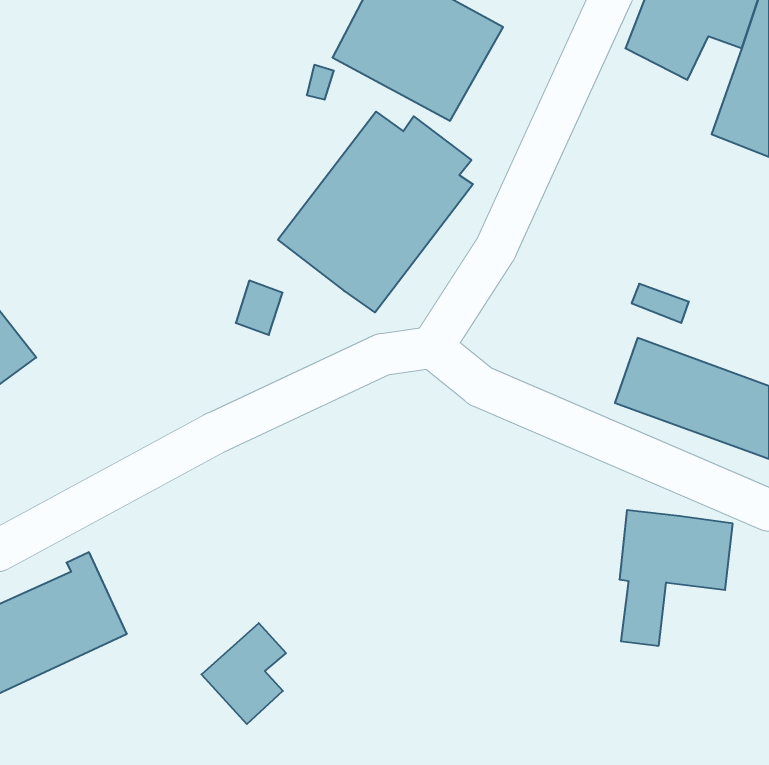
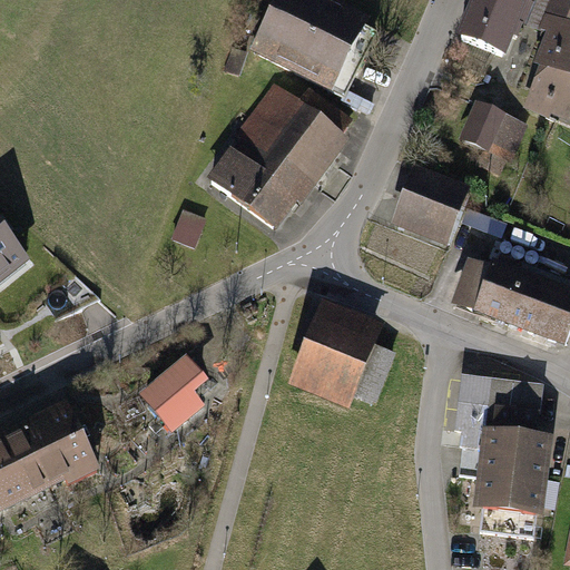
building: none -> [464,102,529,168]
building: none -> [397,161,473,242]
building: none -> [291,301,397,406]
building: none -> [479,430,544,535]
building: [201,623,286,724] -> [138,353,200,428]

